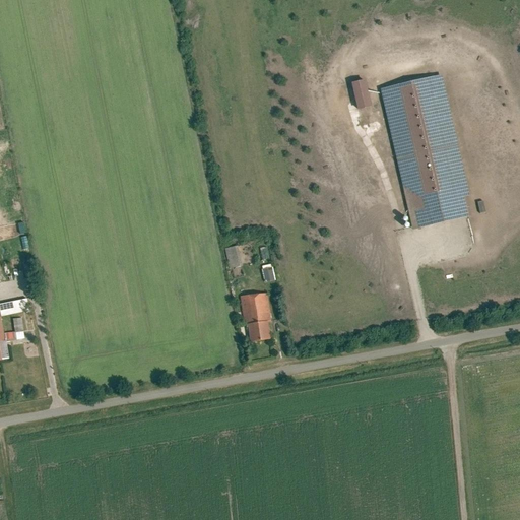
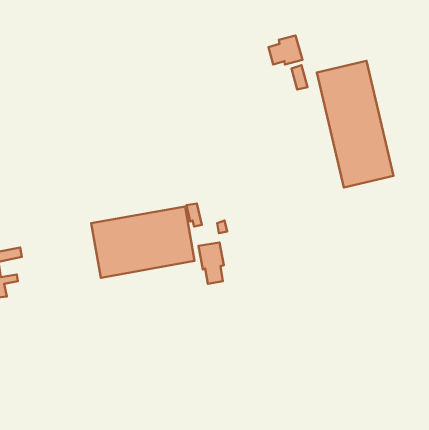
building: none -> [268,35,302,65]
building: none -> [91,206,195,278]

